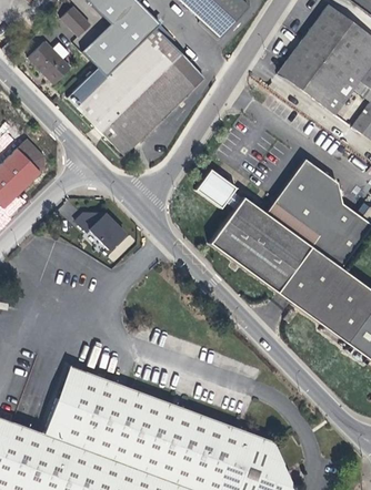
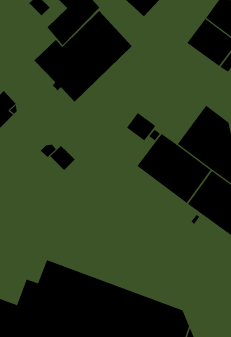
building: [29,42,71,84] -> none
building: [58,366,86,404] -> none

